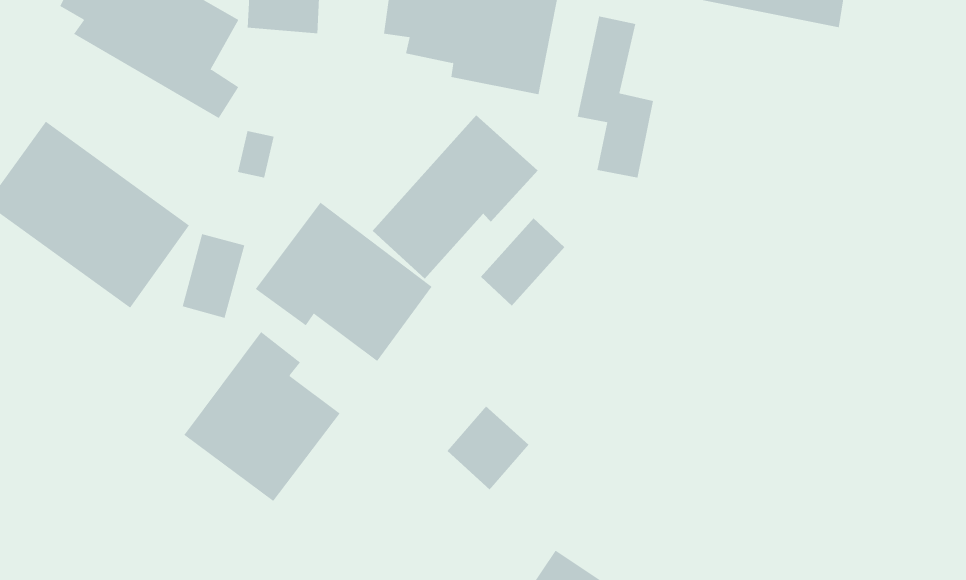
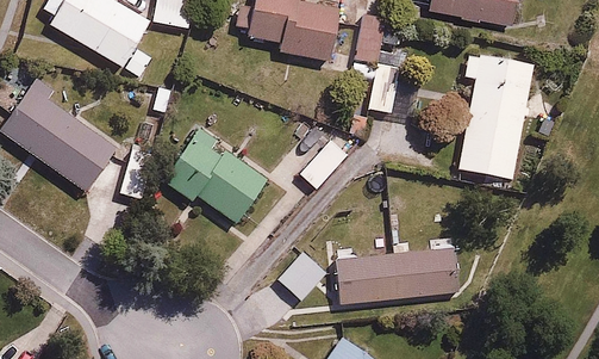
building: none -> [457,51,534,179]
building: [372,114,538,280] -> none
building: [183,331,340,502] -> none
building: none -> [333,248,458,304]

